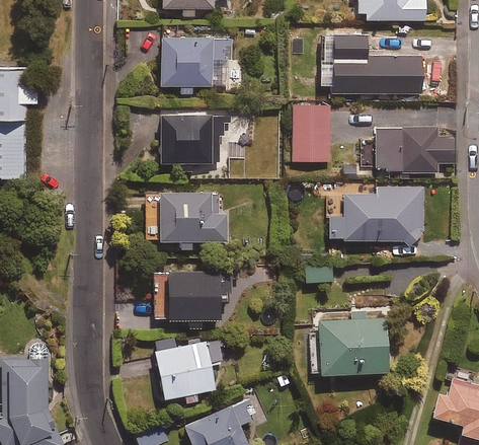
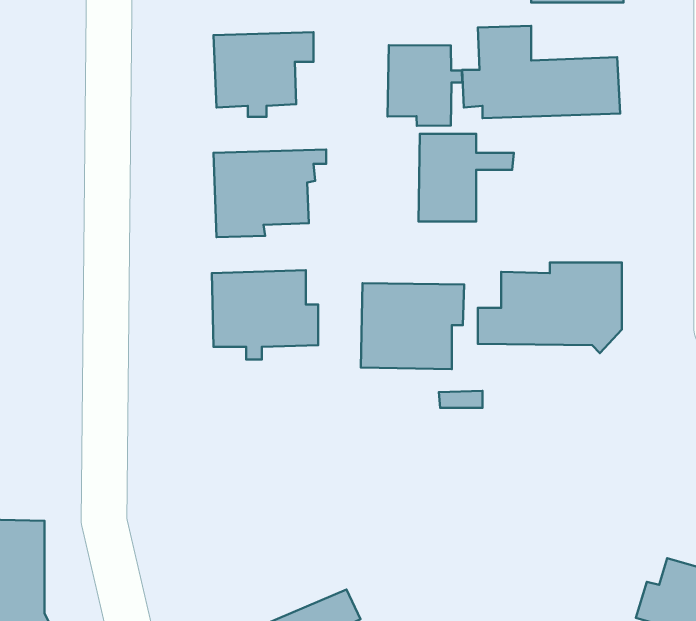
building: none -> [388,45,462,126]
building: [375,126,457,172] -> none
building: [165,270,232,325] -> [361,283,464,369]
building: [319,313,387,375] -> none
building: [154,341,223,403] -> none

